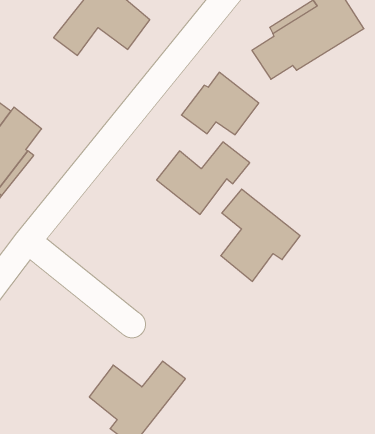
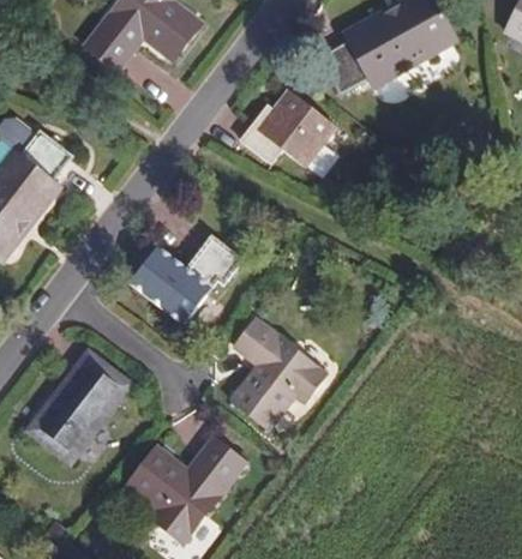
building: [157,142,250,214] -> [130,234,242,321]
building: [221,189,300,281] -> [232,315,328,427]
building: none -> [30,355,125,458]

